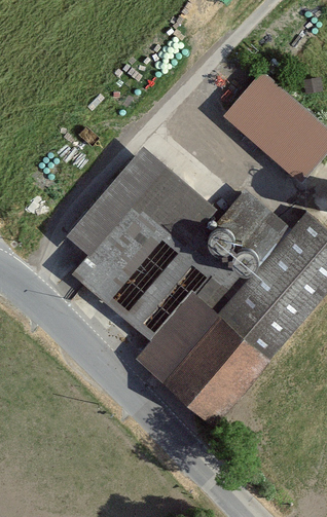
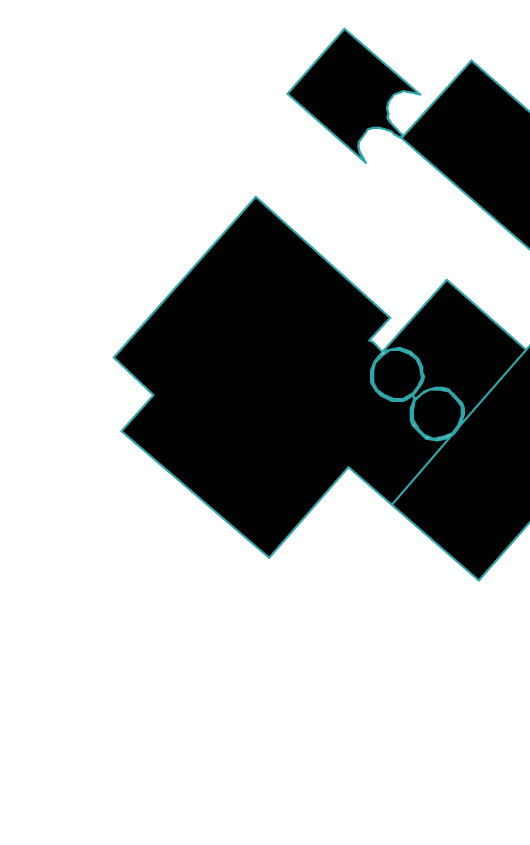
building: none -> [288,29,420,163]
building: [139,293,274,424] -> none

